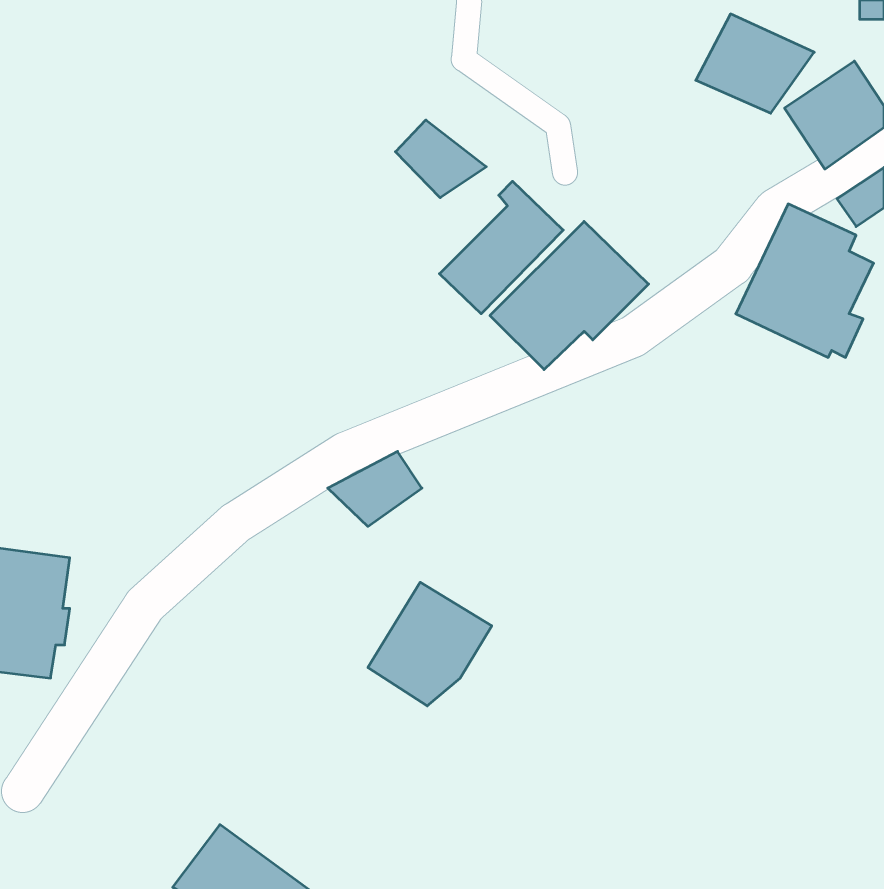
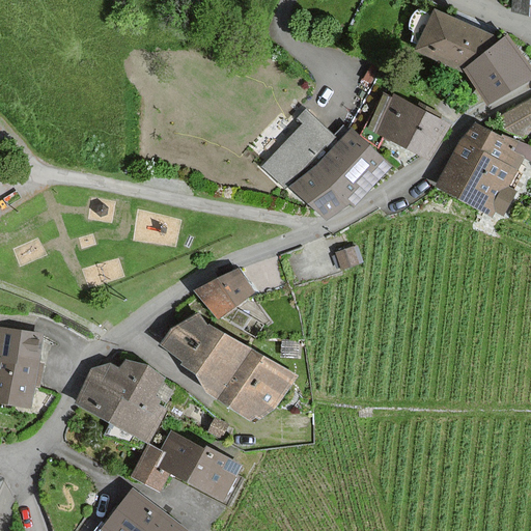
building: [395,120,486,198] -> none
building: none -> [372,95,447,158]
building: none -> [162,315,250,398]
building: none -> [77,360,163,439]
building: none -> [132,429,240,500]

